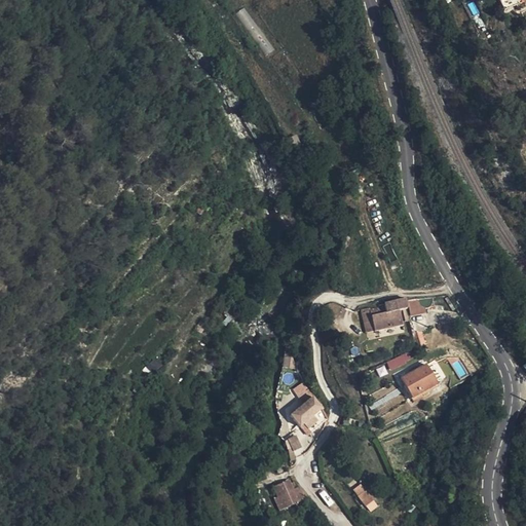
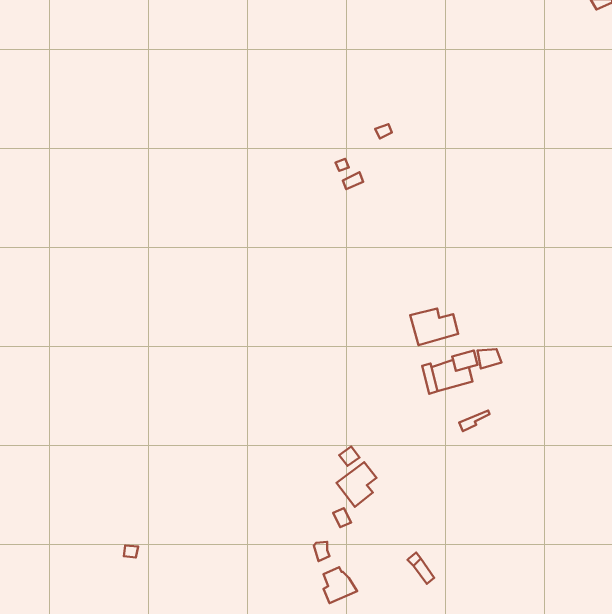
building: none -> [410,308,458,345]
building: [399,359,436,392] -> none

